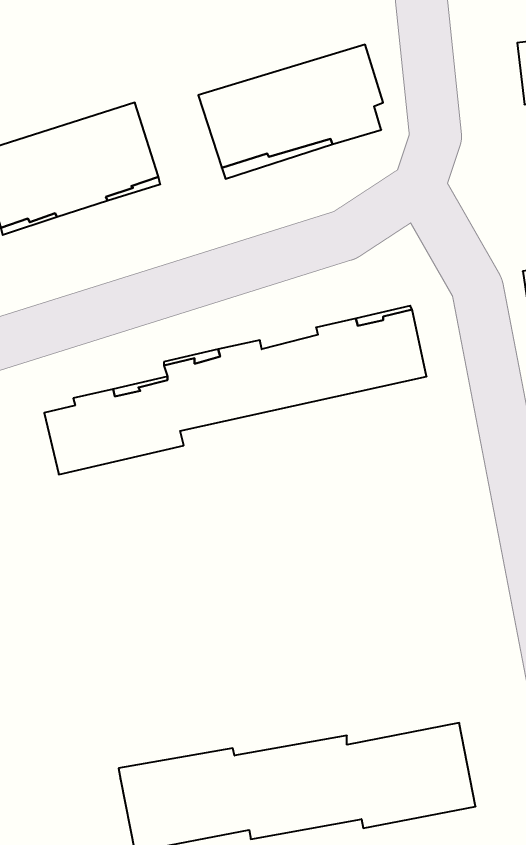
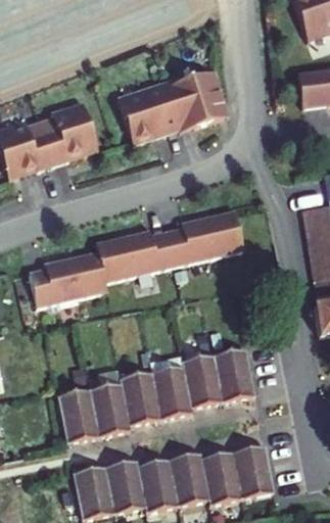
building: none -> [58,350,255,443]

